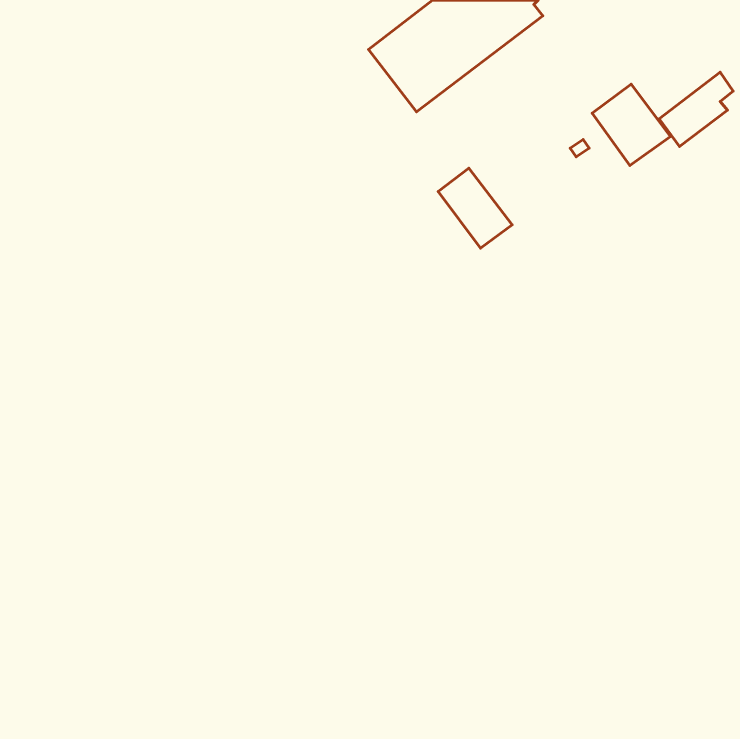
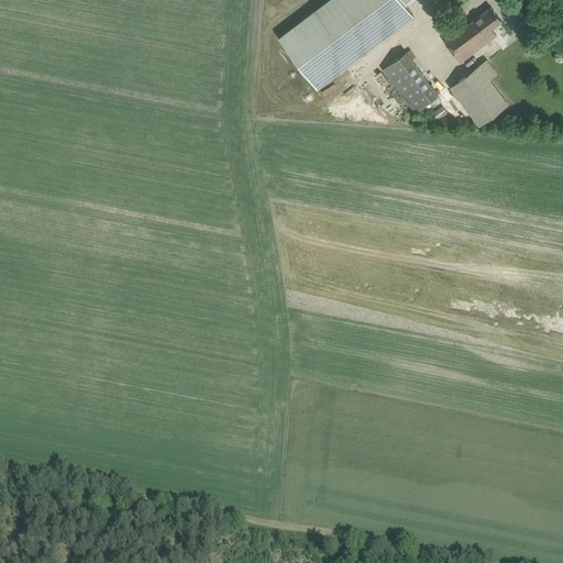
building: [659,72,733,146] -> [444,8,500,64]
building: [438,168,512,248] -> [382,53,438,113]

